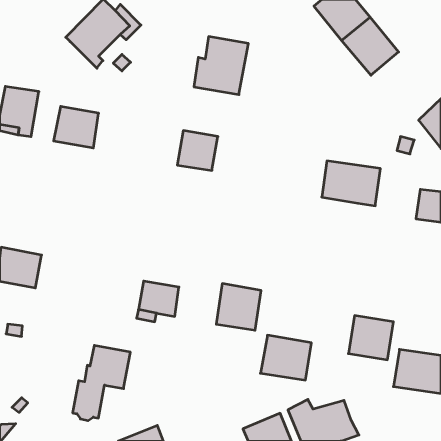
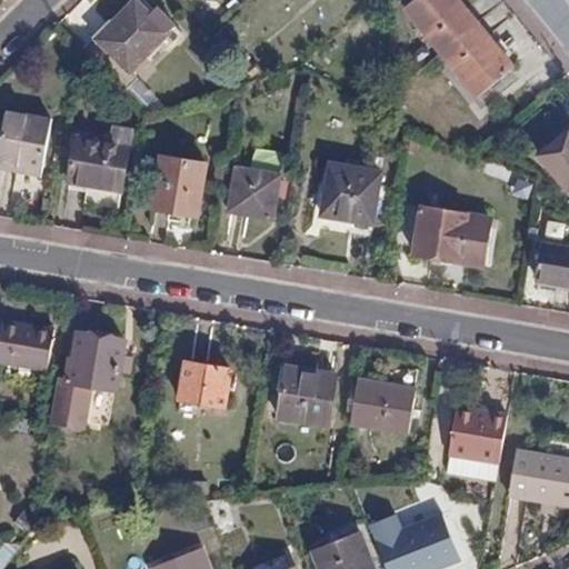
building: [194,37,248,95] -> [310,163,380,238]
building: none -> [151,157,207,216]
building: [260,335,311,380] -> [348,376,413,433]
building: [73,345,130,421] -> [50,332,124,429]

